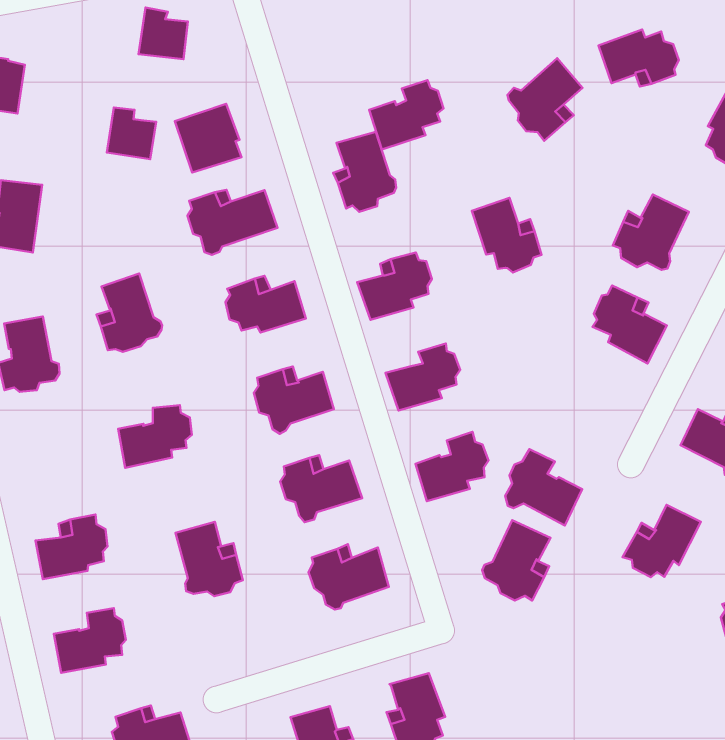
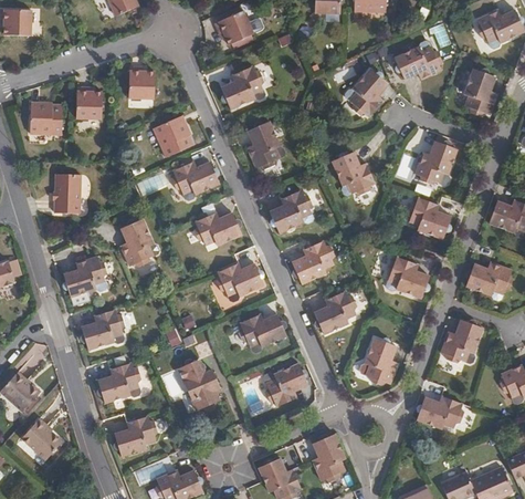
building: [369,80,444,149] -> [221,65,264,108]
building: [107,108,156,159] -> [76,86,103,114]
building: [118,405,192,468] -> [81,310,124,350]
building: [505,449,582,525] -> [385,256,429,298]
building: none -> [416,398,463,429]

